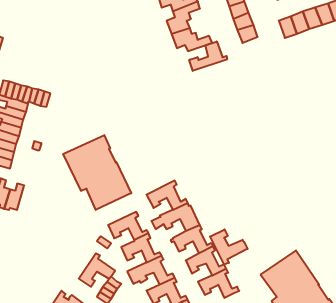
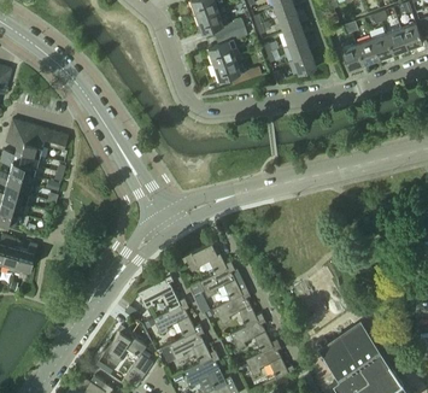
building: [189,41,227,71] -> none
building: [63,135,131,210] -> none
building: [210,229,248,265] -> none

